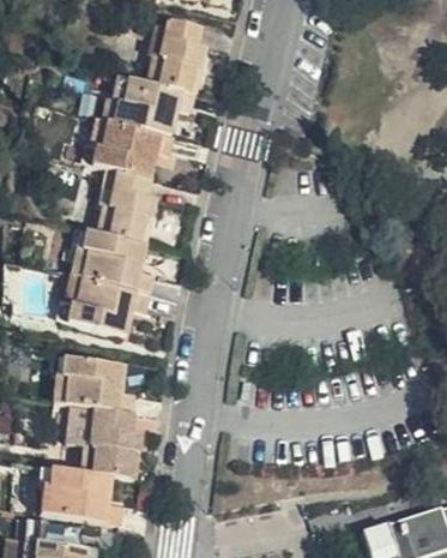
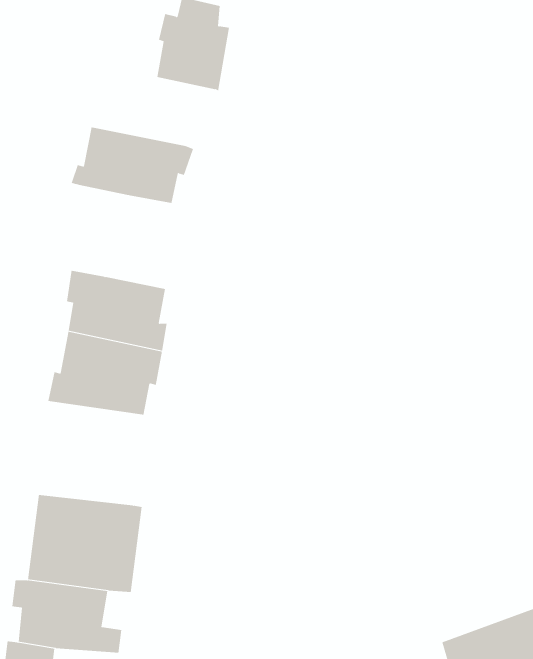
building: [90,82,192,143] -> none
building: [107,181,162,253] -> none
building: [52,365,131,420] -> none

